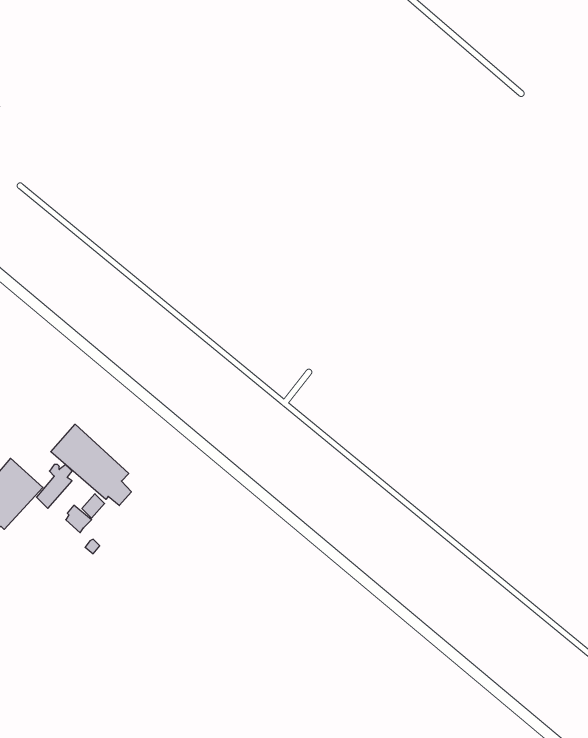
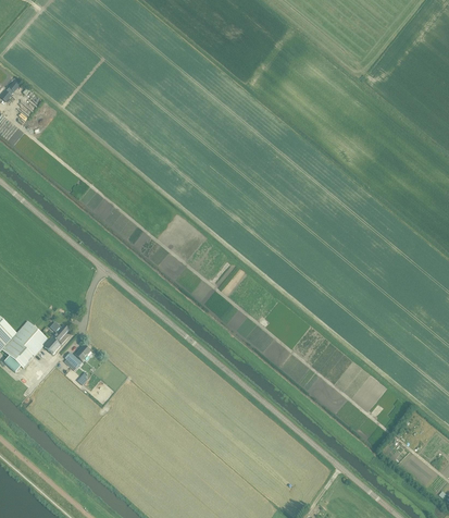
building: [51,424,131,506] -> none

